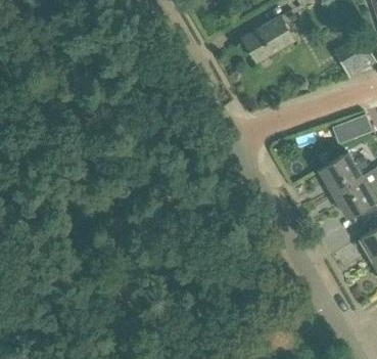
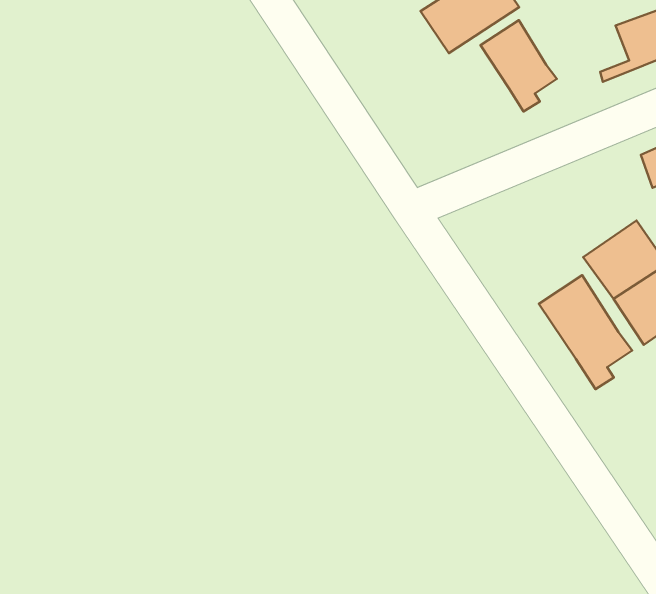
building: none -> [480,20,557,112]
building: none -> [539,275,632,389]

